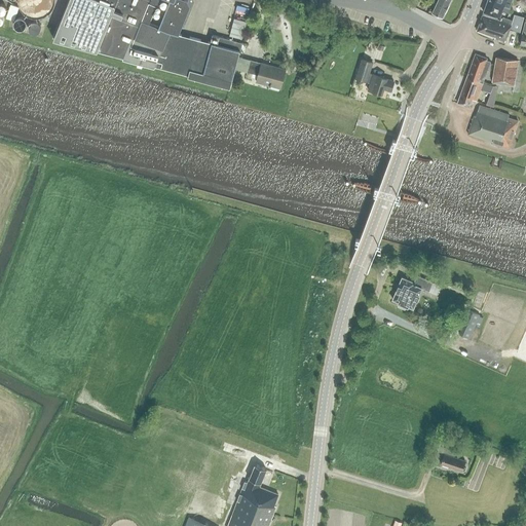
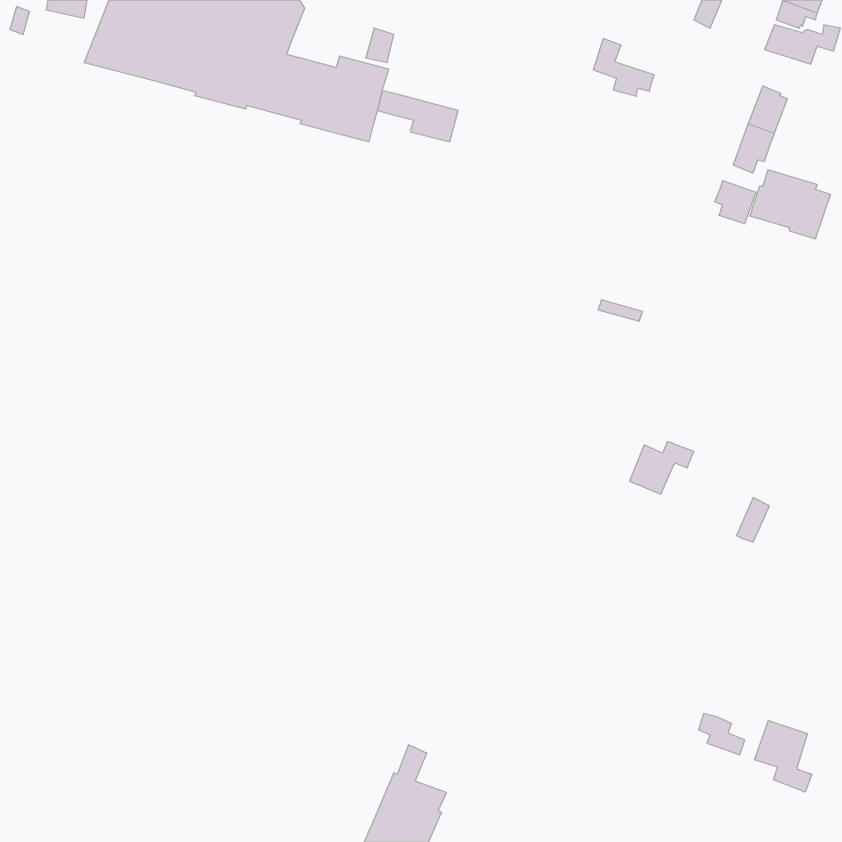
building: [492,58,518,86] -> none
building: [355,59,393,95] -> [593,39,654,96]
building: none -> [715,181,756,224]
building: none -> [755,720,812,792]

